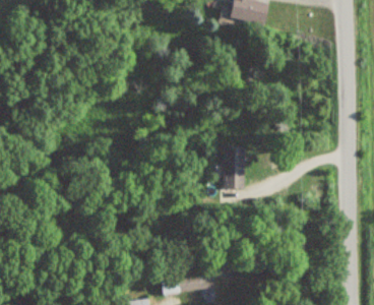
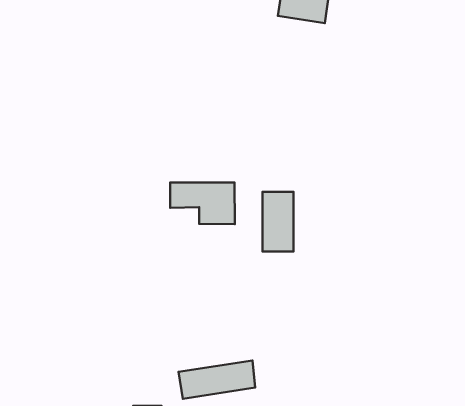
building: none -> [170,182,235,224]

